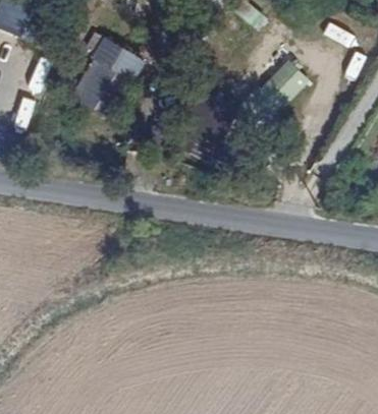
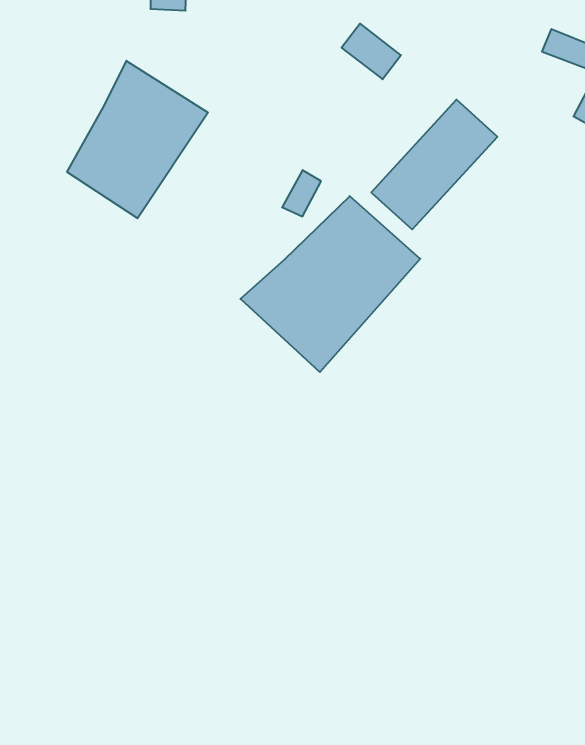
building: none -> [240,196,420,372]

